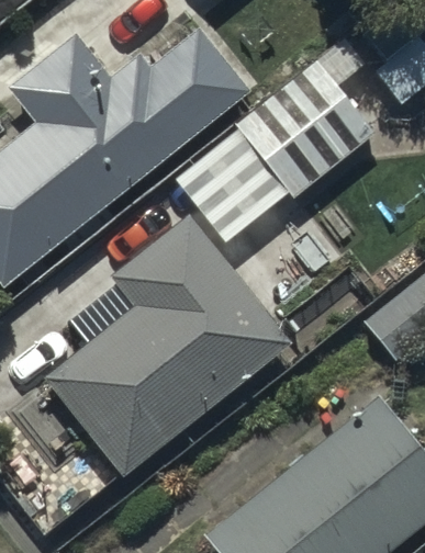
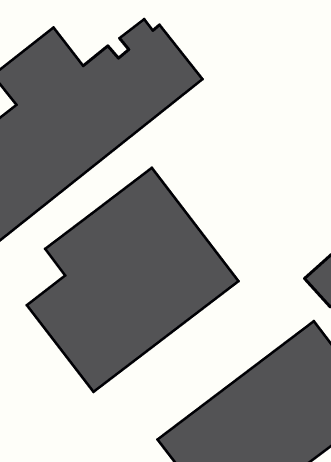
building: [232,54,369,206] -> none

